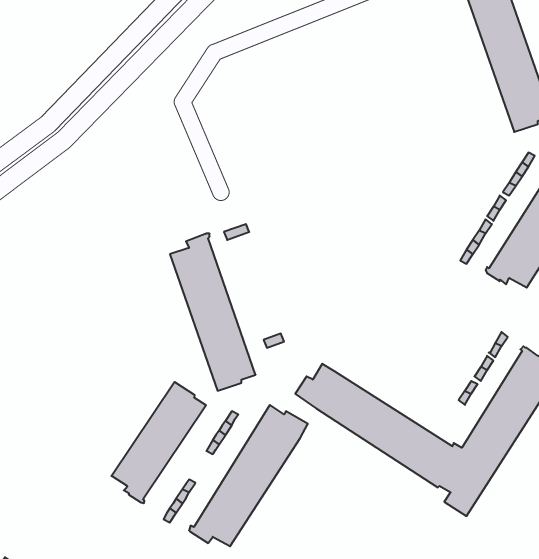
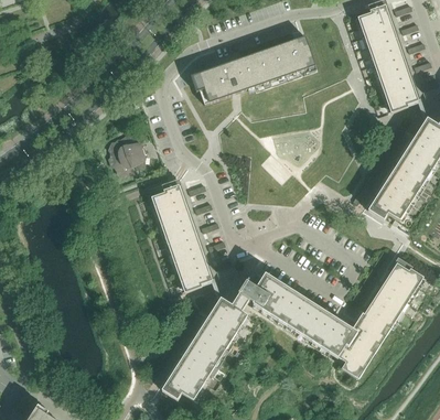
building: none -> [195,34,315,103]
building: none -> [108,132,146,175]
building: [111,382,206,503] -> none

